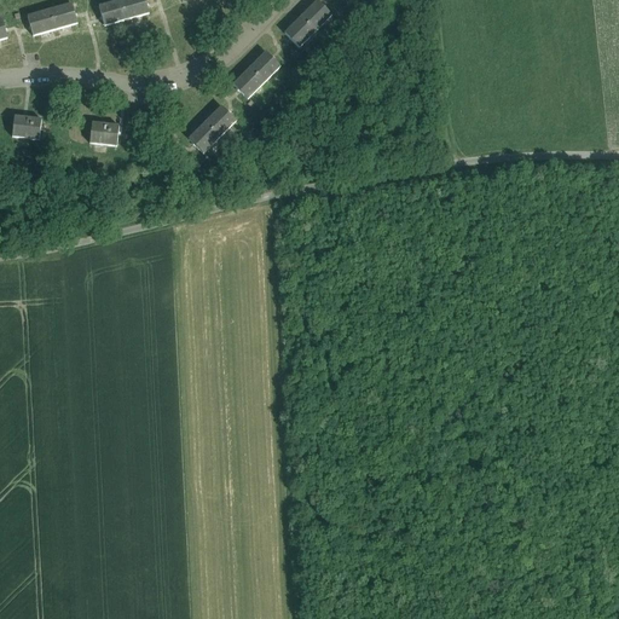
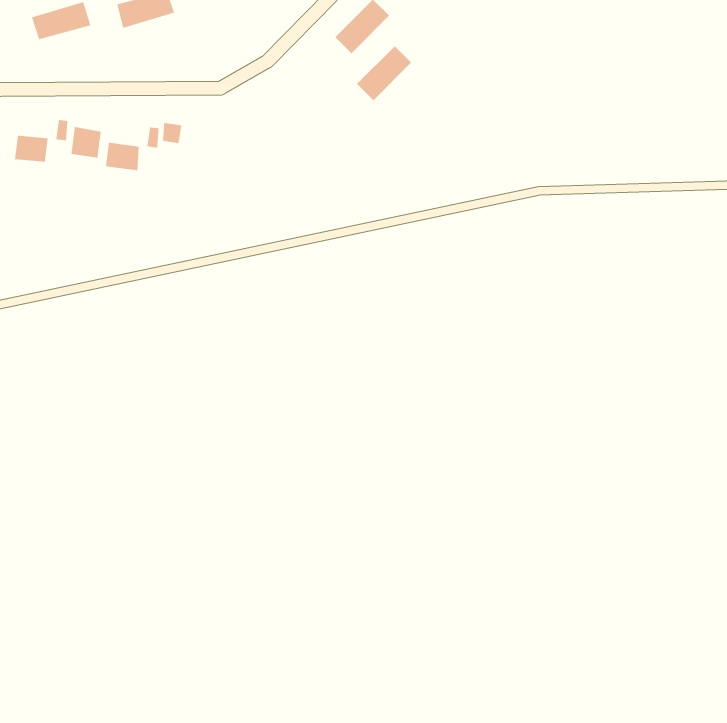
building: [233,50,280,97] -> [356,46,412,101]
building: [189,105,236,152] -> none
building: none -> [71,126,101,158]

